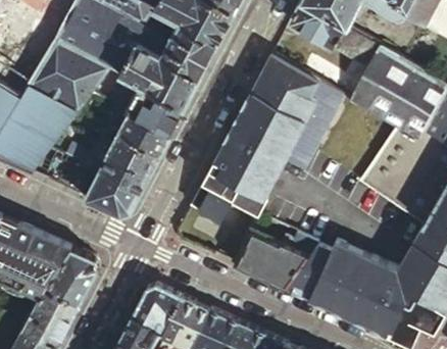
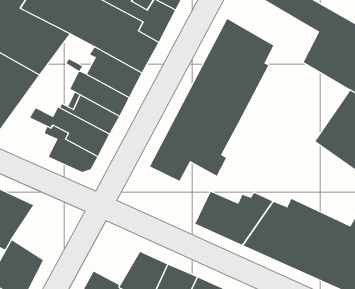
building: [284,82,350,176] -> none
building: [48,247,100,304] -> none
building: [133,284,181,330] -> none

